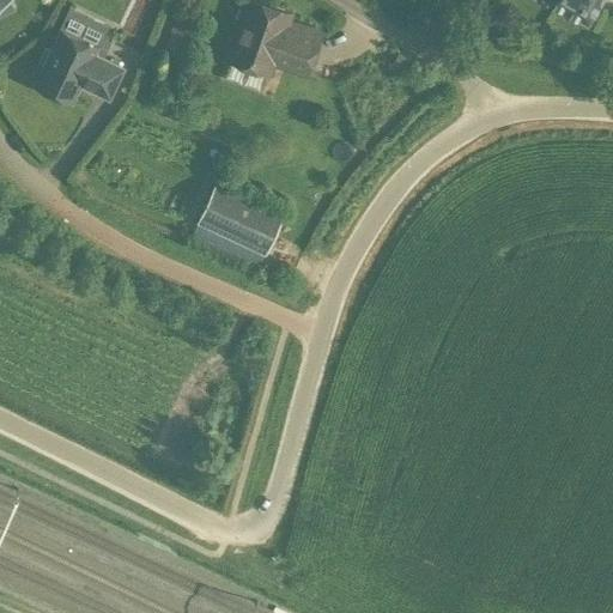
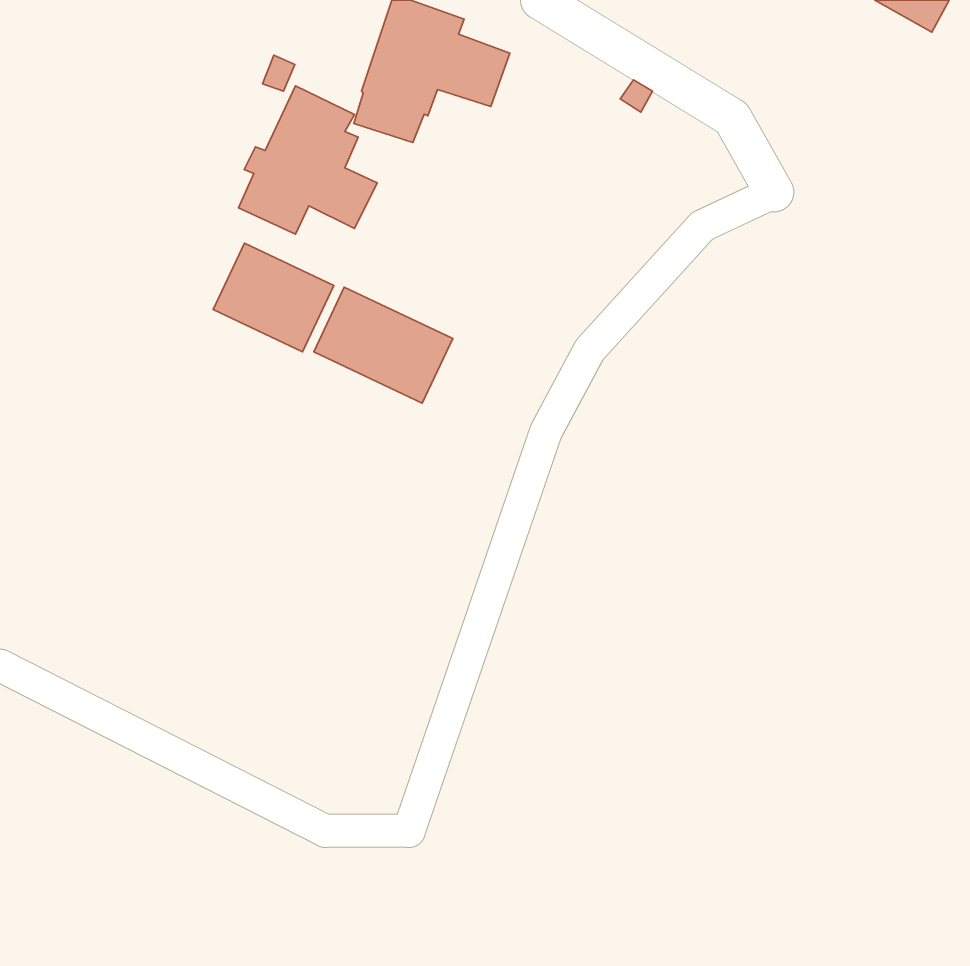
building: [36,11,123,104] -> [238,86,377,234]
building: none -> [213,243,334,352]

